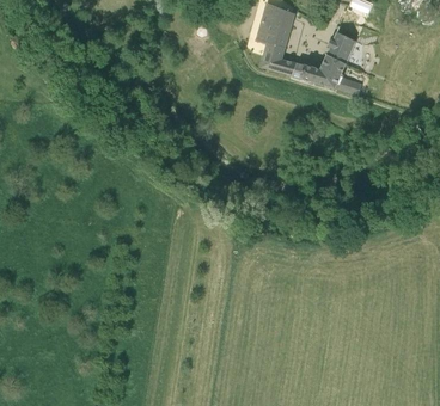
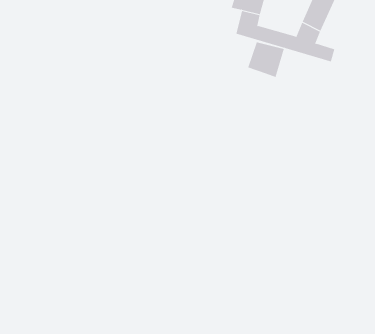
building: none -> [247,42,285,78]

